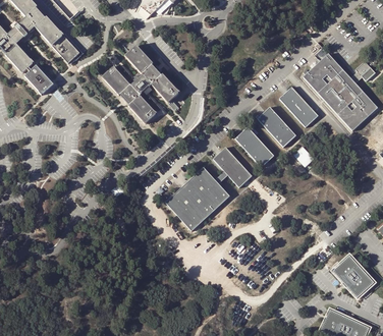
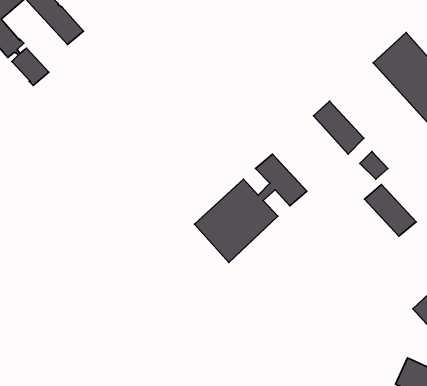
building: [103,45,180,123] -> none
building: [279,87,319,127] -> none
building: [235,127,275,167] -> [364,185,416,236]

